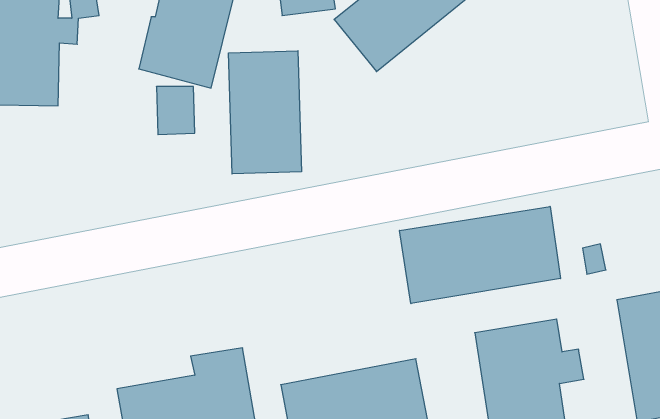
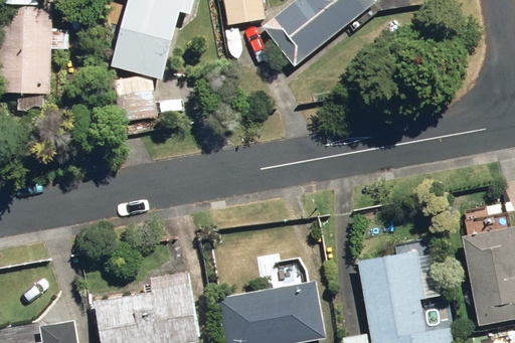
building: [229,51,301,174] -> none
building: [400,206,560,304] -> none

